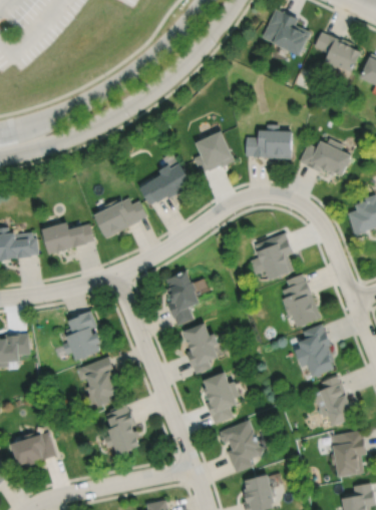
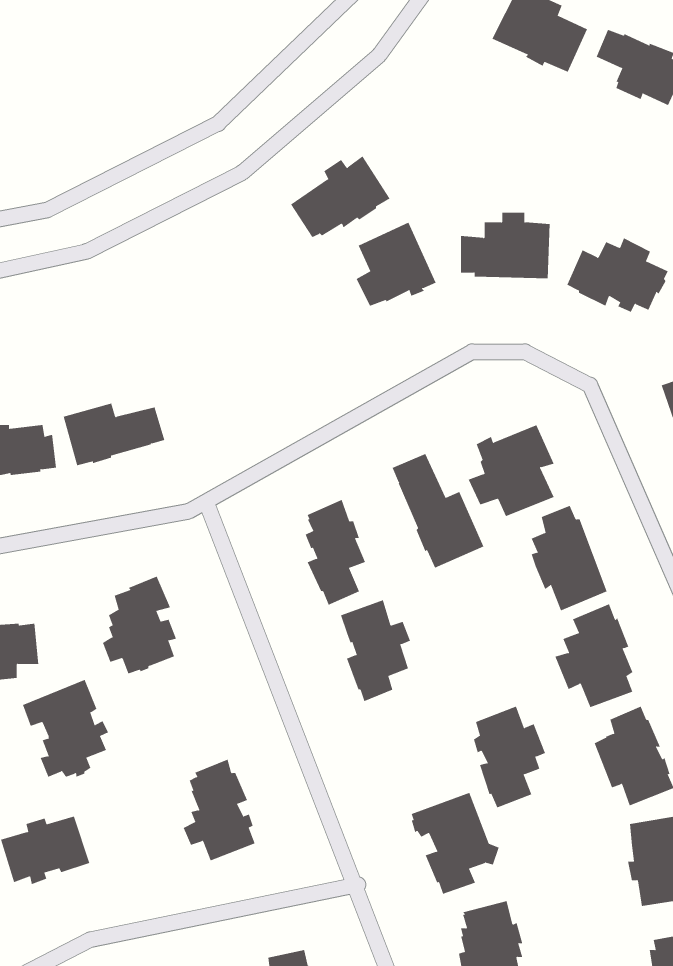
building: [139,162,191,204] -> [290,155,391,238]
building: [94,198,147,238] -> none
building: none -> [392,453,484,568]
building: [76,357,120,407] -> [22,679,109,778]
building: [204,373,241,425] -> [473,706,546,808]

